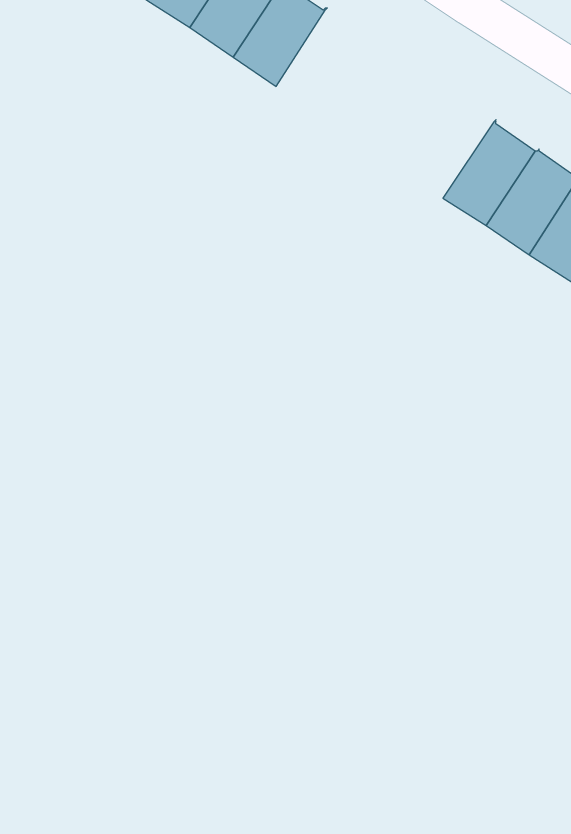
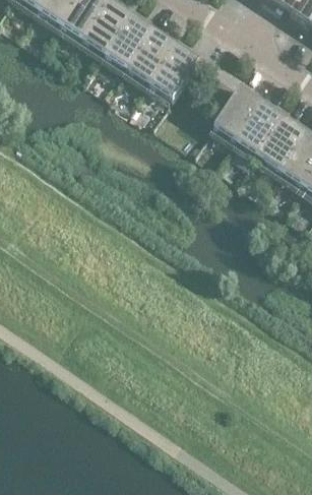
building: none -> [149,44,198,99]
building: none -> [212,86,262,141]

